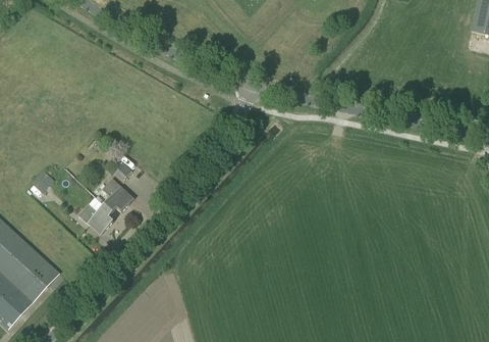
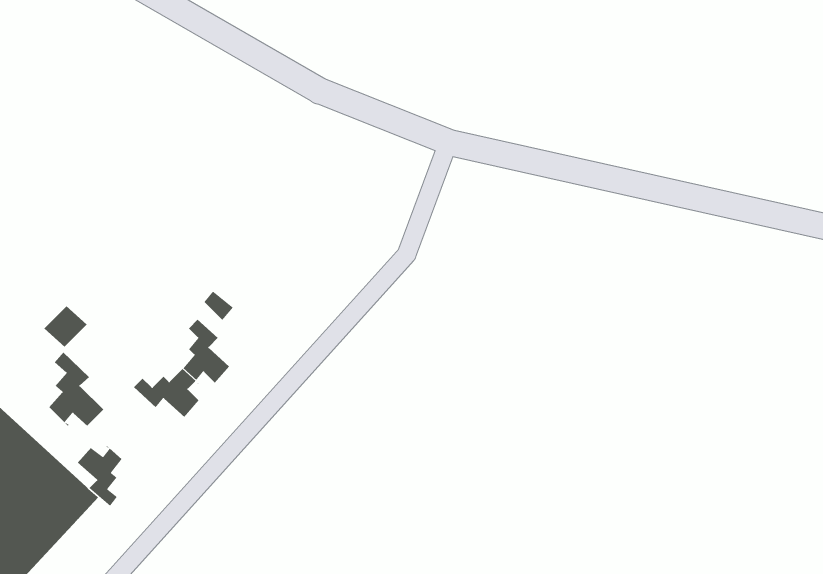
building: none -> [49,351,104,427]
building: none -> [77,445,123,507]

